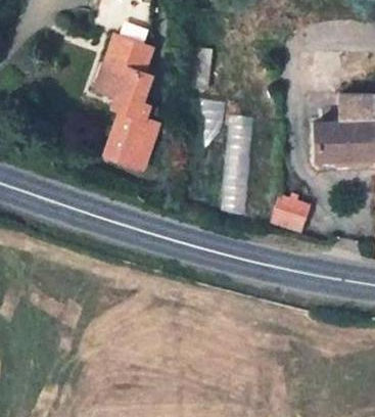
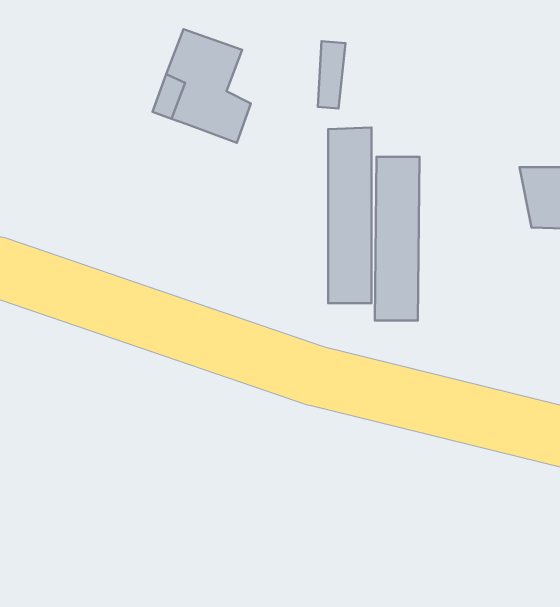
building: [104,95,160,171] -> none
building: [274,193,312,228] -> none

